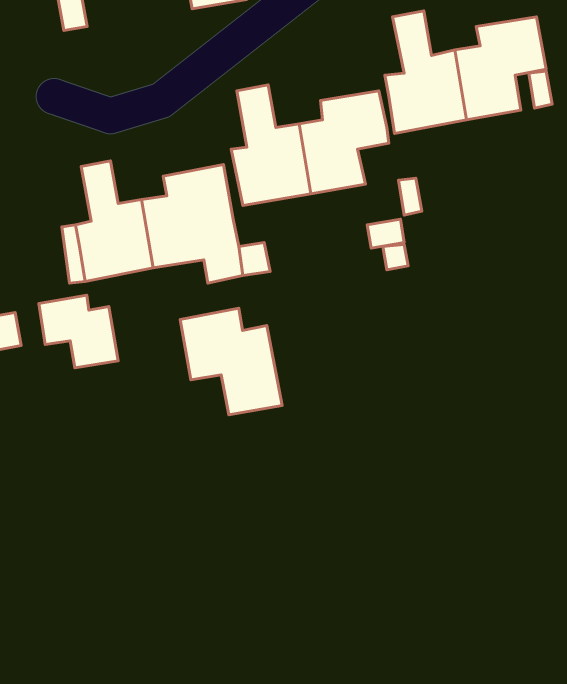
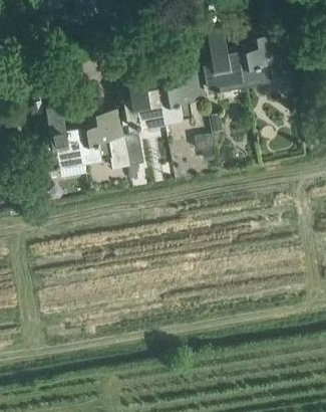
building: [39,295,118,368] -> none
building: [180,308,282,415] -> none

